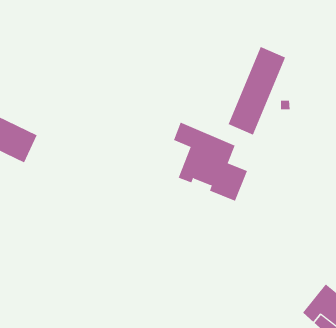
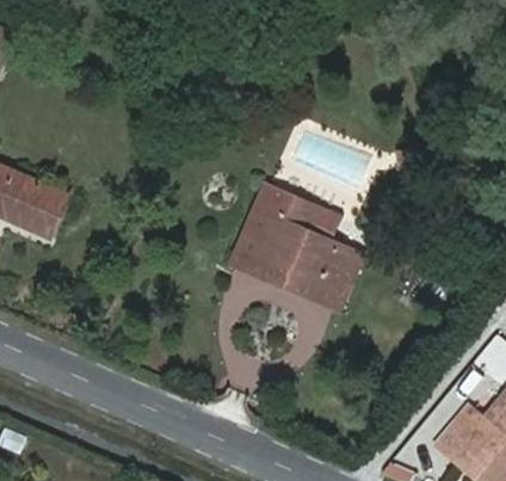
building: [228,46,286,135] -> none
building: none -> [233,210,363,308]

